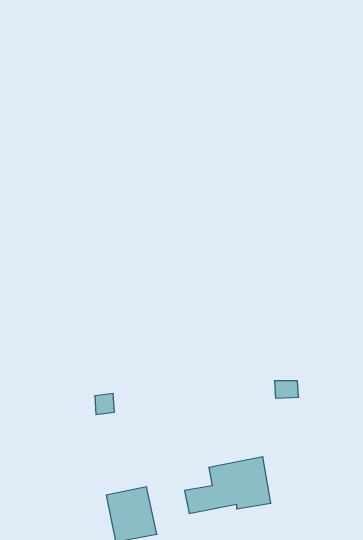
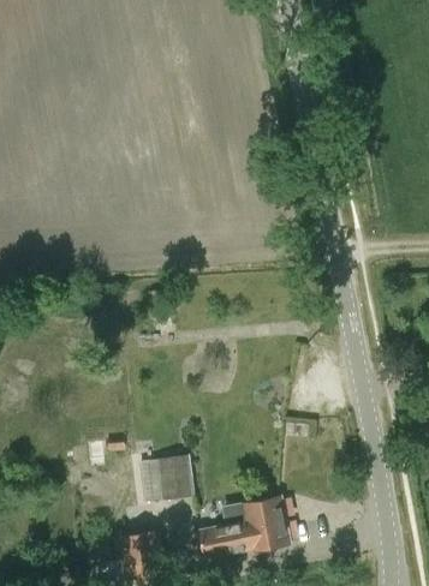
building: none -> [138,455,193,509]

